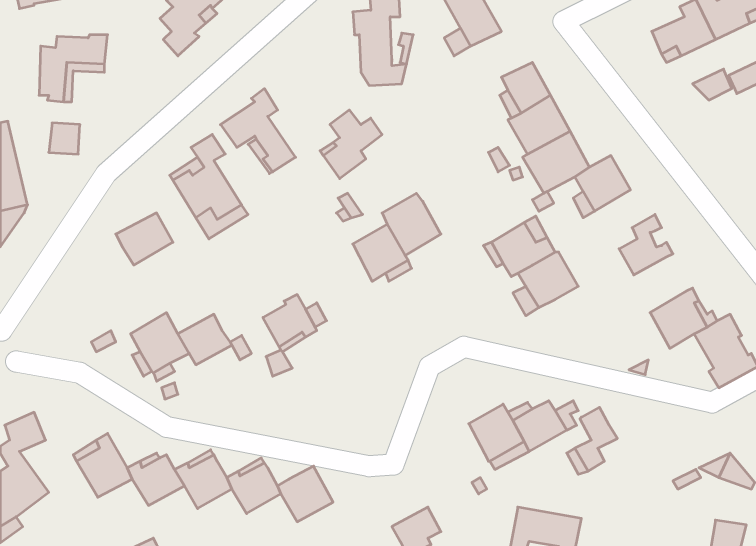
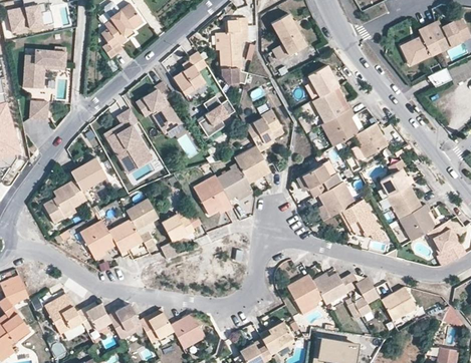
building: none -> [173,51,205,95]
building: none -> [246,109,281,150]
building: none -> [194,174,233,214]
building: none -> [43,178,87,223]
building: none -> [388,185,422,219]
building: none -> [127,198,159,230]
building: none -> [341,199,386,241]
building: none -> [381,286,417,320]
building: none -> [261,321,293,353]

